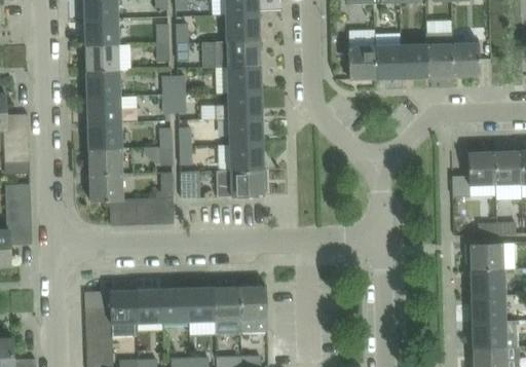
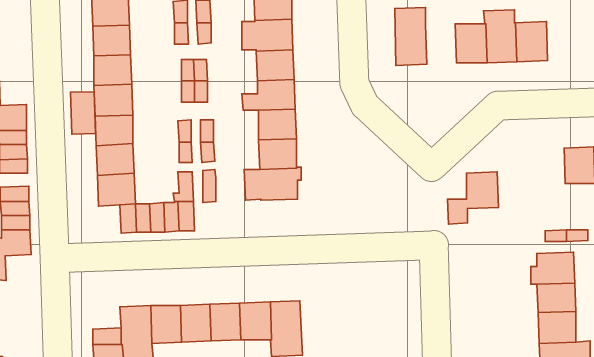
building: [374,44,401,79] -> none
building: none -> [70,92,95,134]
building: [451,152,495,197] -> [447,172,498,224]

